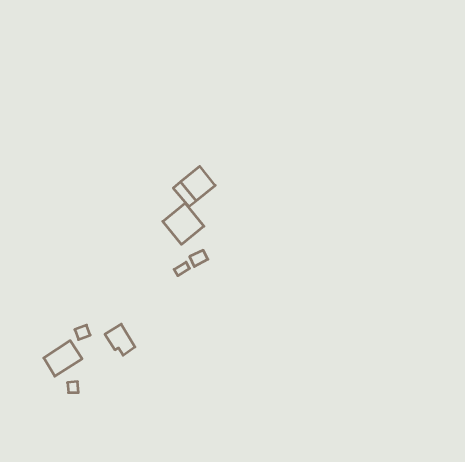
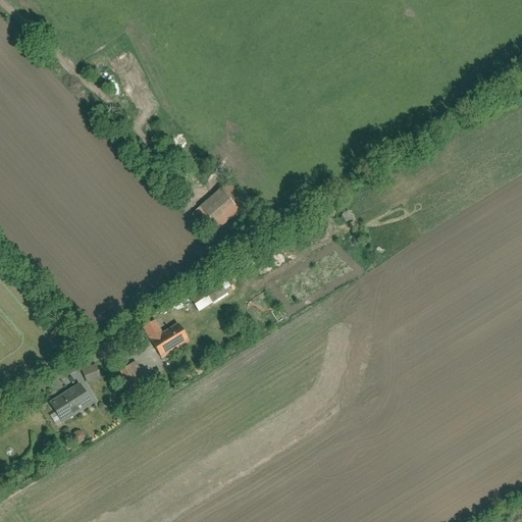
building: [163,203,204,244] -> none
building: none -> [145,318,189,354]

